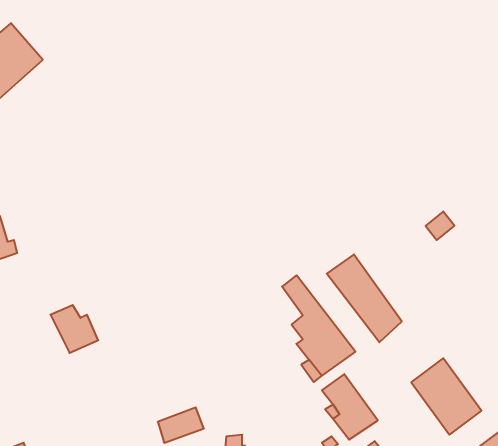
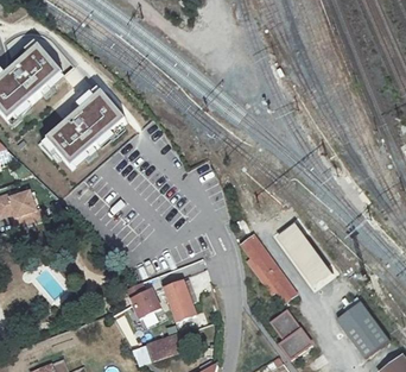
building: none -> [47,93,126,166]
building: [50,305,98,353] -> [123,282,159,317]
building: none -> [164,280,195,321]

